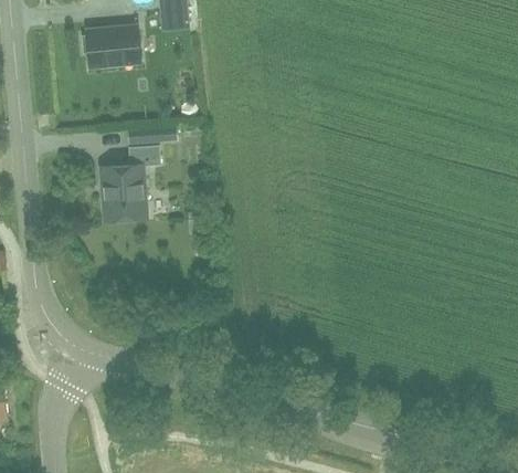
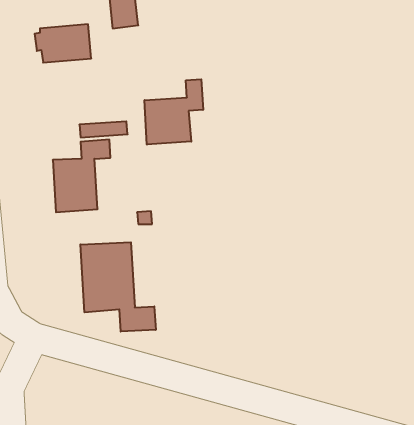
building: none -> [145,79,203,145]
building: none -> [80,242,156,332]

